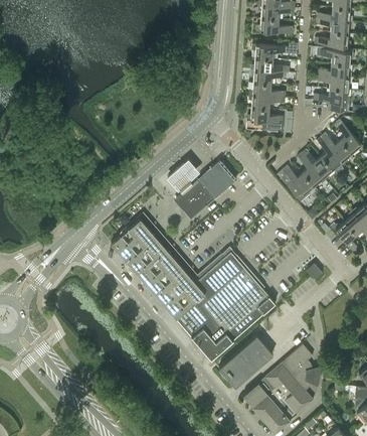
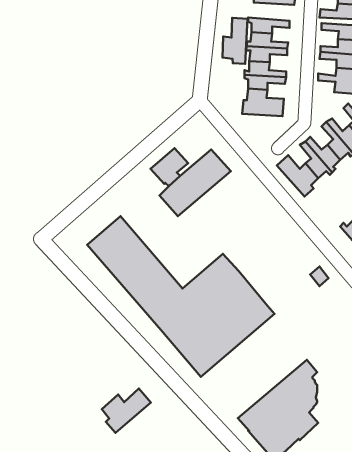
building: none -> [223,18,248,64]
building: [219,335,273,388] -> none
building: none -> [102,389,151,433]

